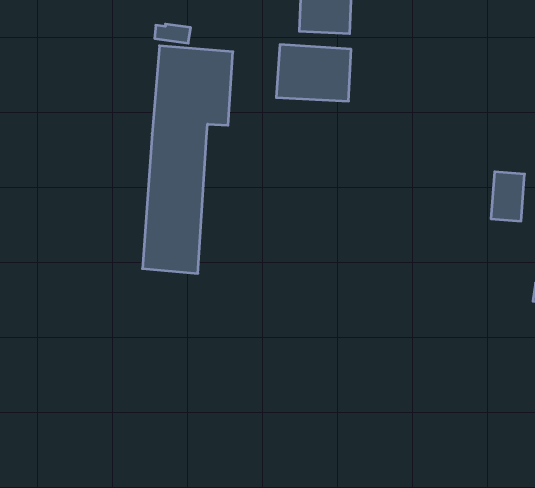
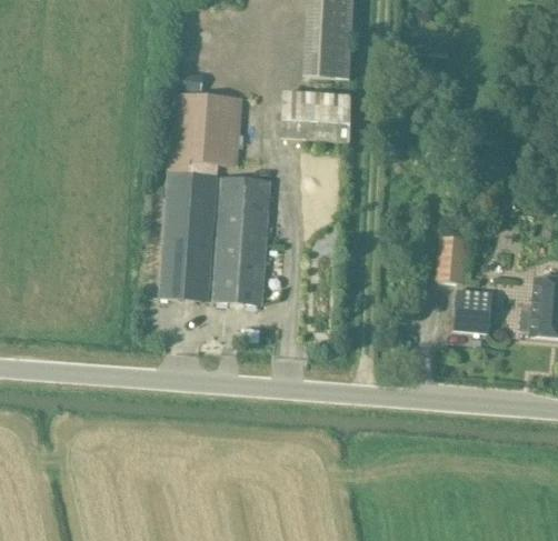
building: none -> [213,177,270,303]
building: [491,172,525,221] -> [437,236,468,281]
building: none -> [454,288,491,331]

